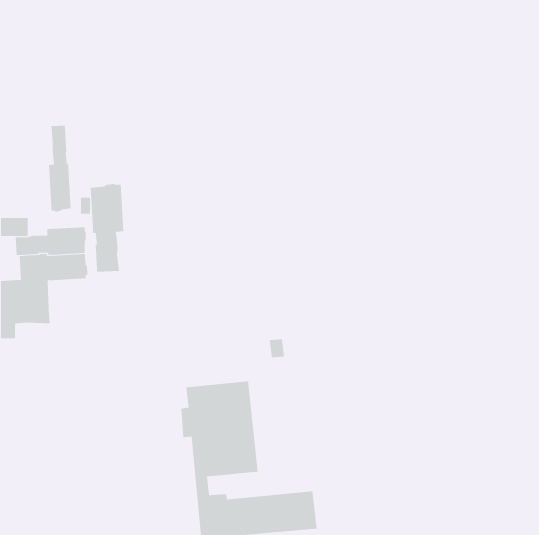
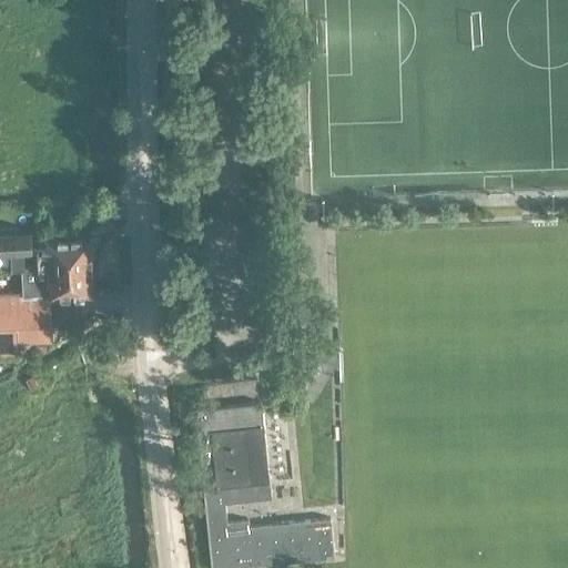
building: [49,125,71,212] -> none
building: [90,183,124,273] -> none

